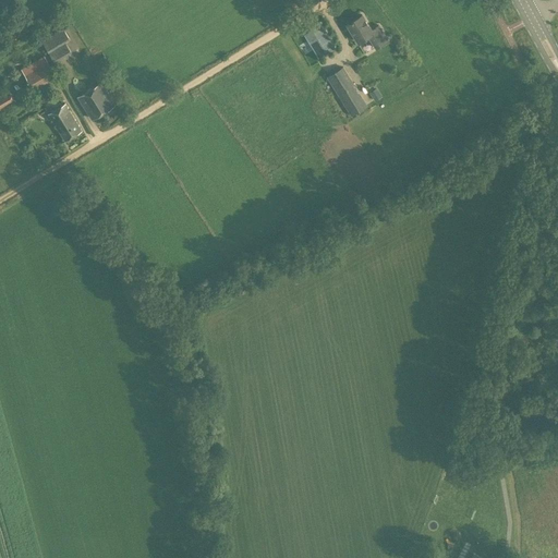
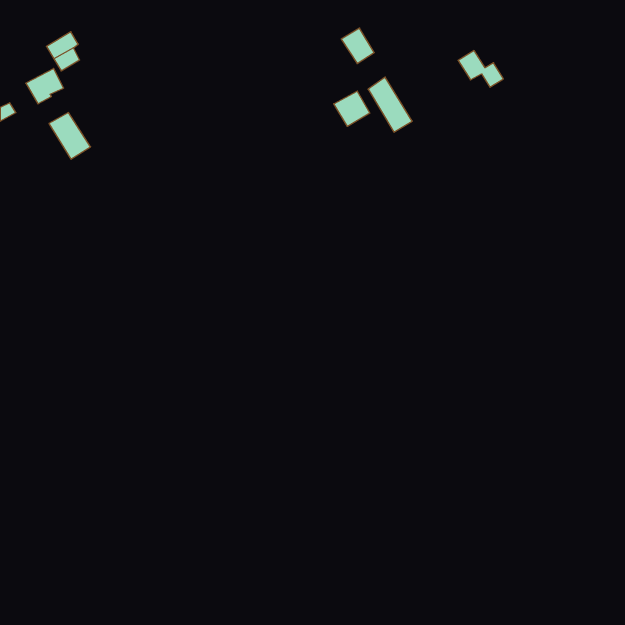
building: [347,15,387,48] -> [458,51,503,87]
building: none -> [334,91,370,126]
building: [77,83,113,119] -> none

